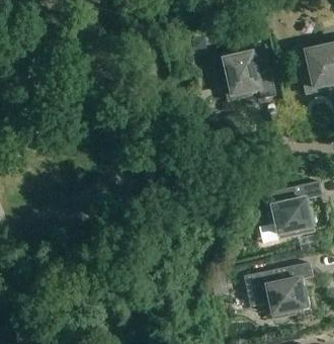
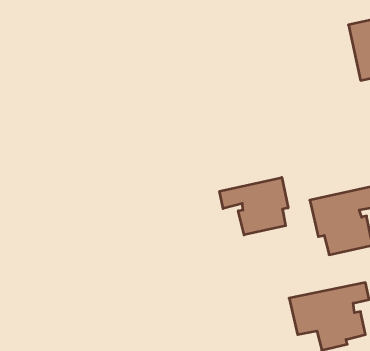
building: [223,42,275,99] -> none
building: none -> [220,177,288,235]

